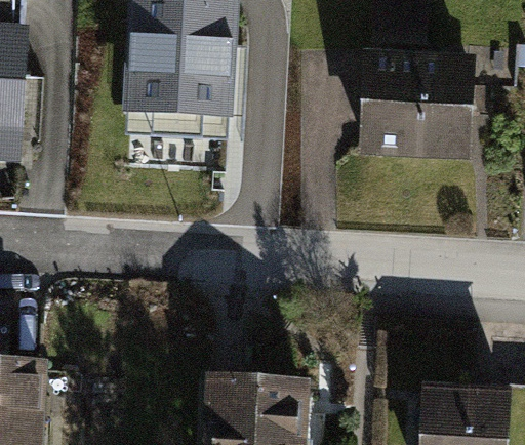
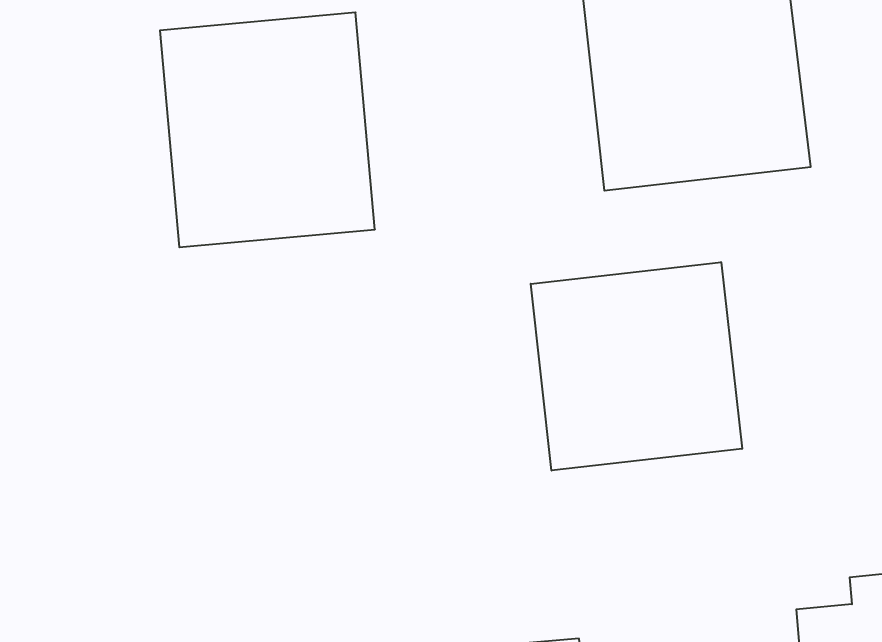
building: none -> [531,262,742,471]

